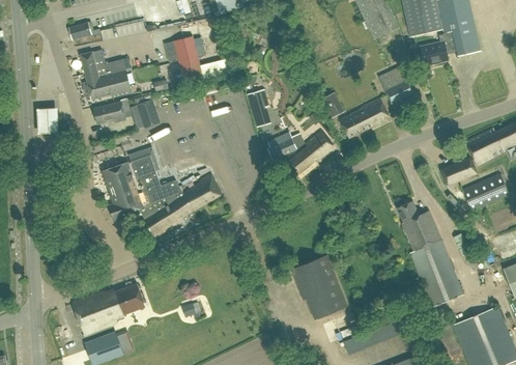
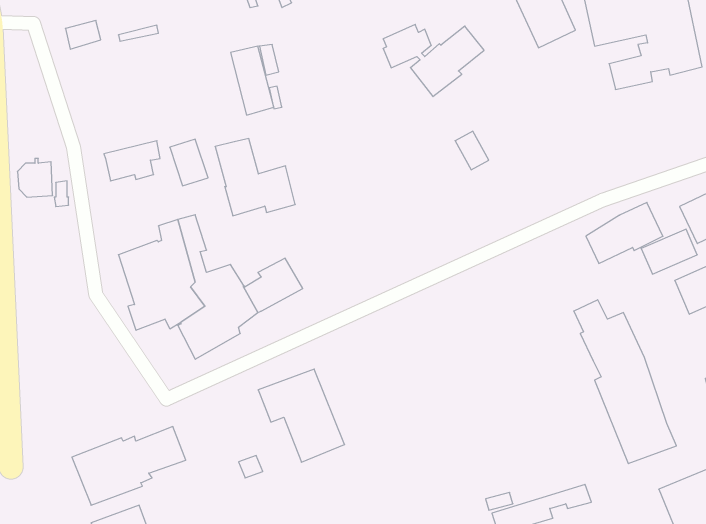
building: [81,51,133,101] -> [215,139,295,216]
building: [378,65,413,103] -> none
building: [250,88,275,127] -> none
building: [340,99,390,138] -> [586,202,663,263]
building: [268,132,334,178] -> [383,24,484,97]
building: [292,256,348,316] -> [258,369,345,462]

